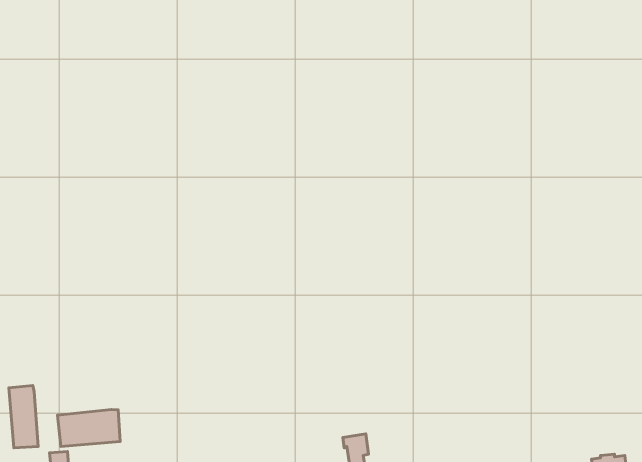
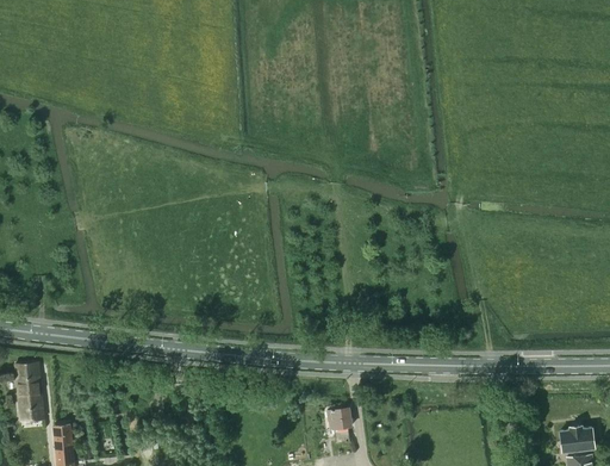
building: [58,409,120,446] -> none

